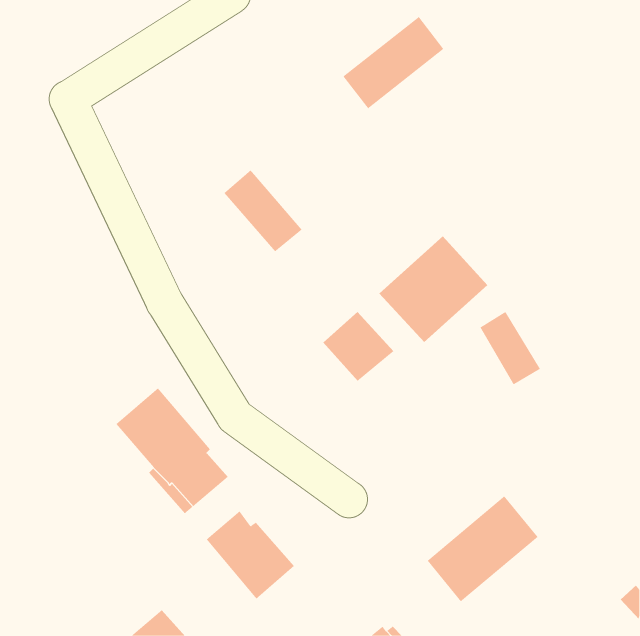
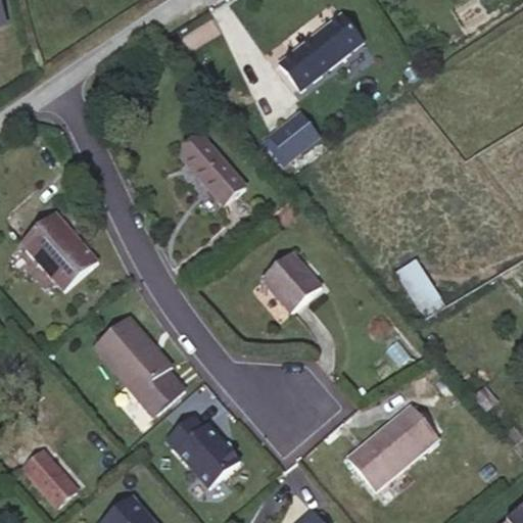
building: none -> [270,111,319,159]
building: [379,236,488,343] -> none
building: none -> [21,212,97,290]
building: none -> [22,450,76,507]

